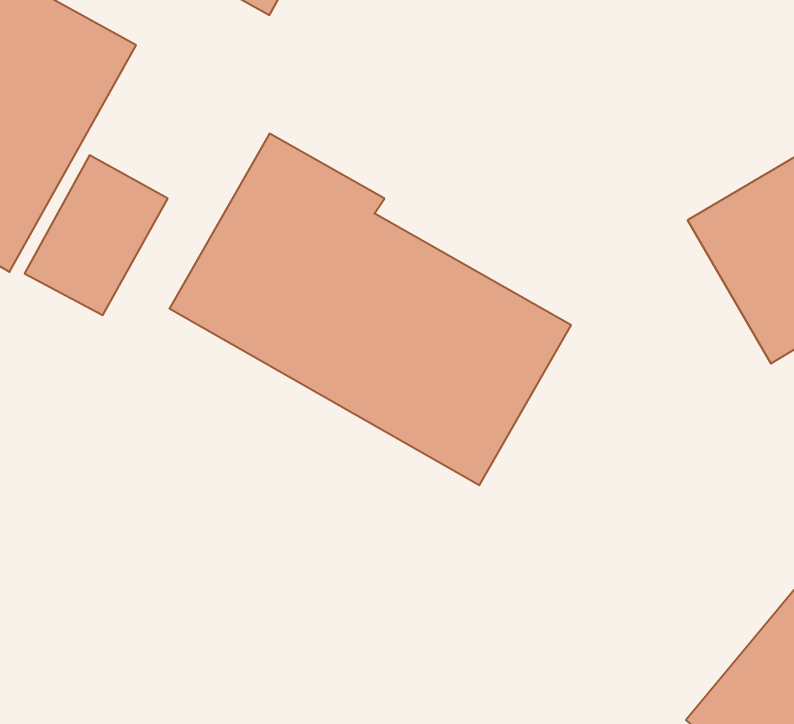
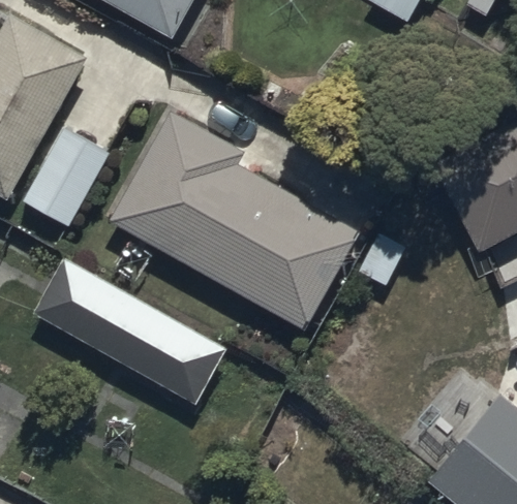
building: none -> [31,254,229,405]

